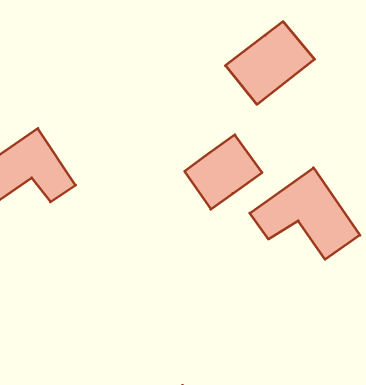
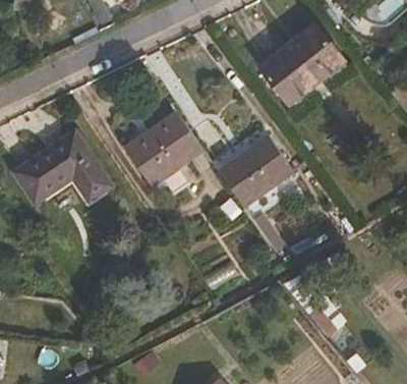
building: none -> [125,111,202,187]
building: [250,168,360,259] -> none

